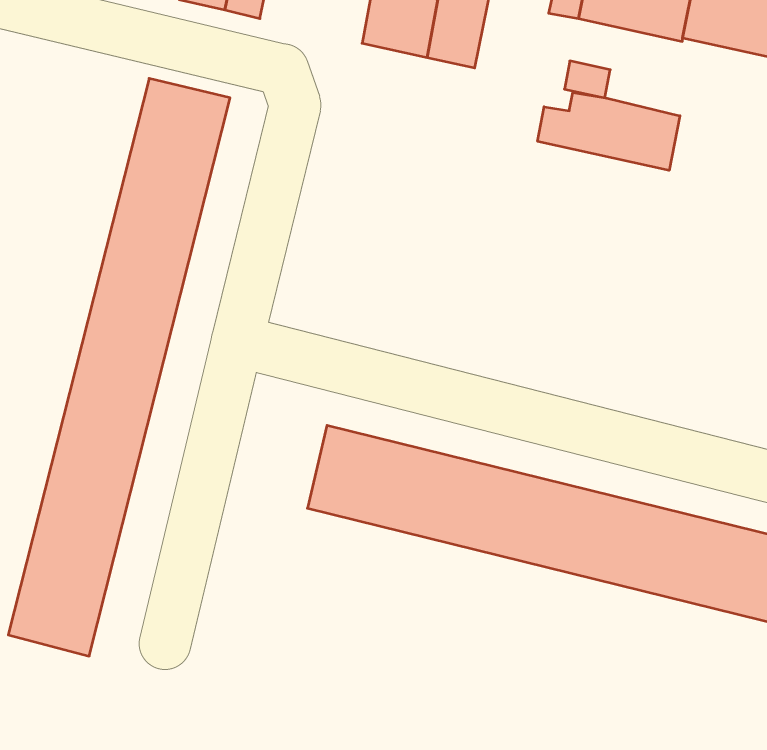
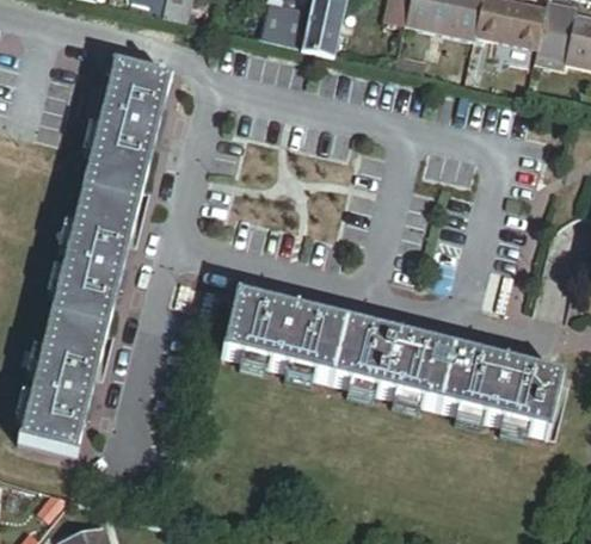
building: [538,93,680,170] -> none

